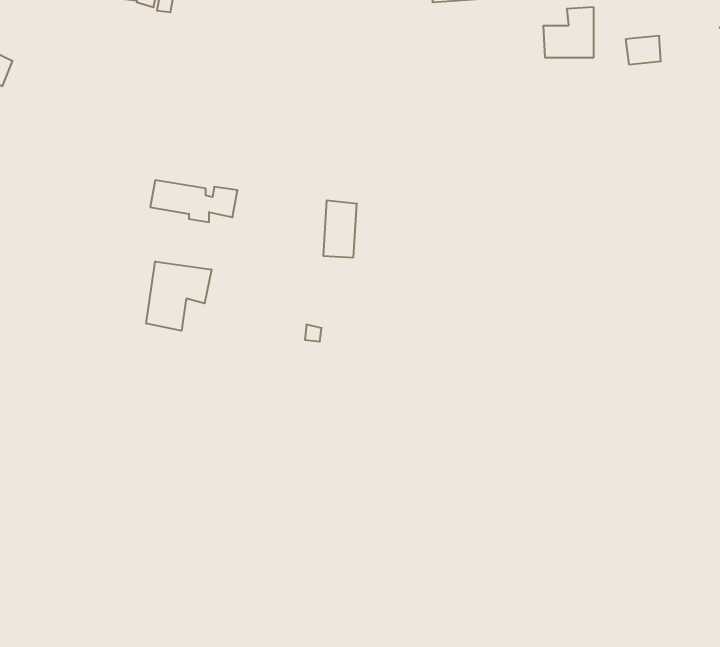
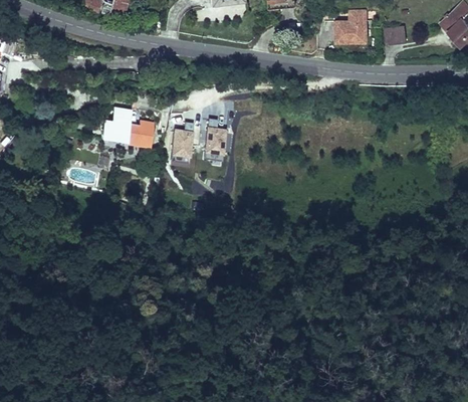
building: none -> [170,130,192,159]
building: [146,261,211,331] -> none

